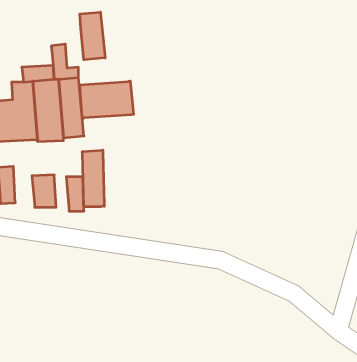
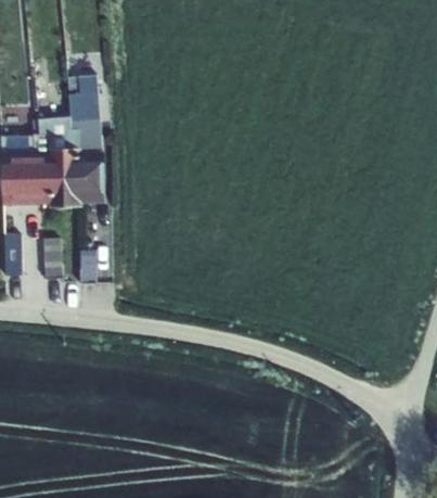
building: [80,12,105,60] -> none
building: [80,81,134,118] -> none
building: [82,150,104,207] -> none

